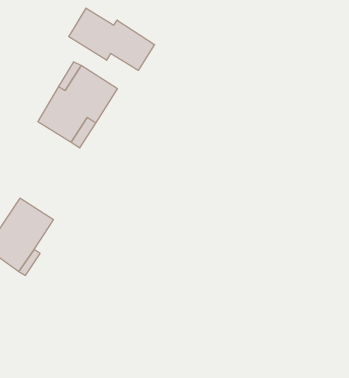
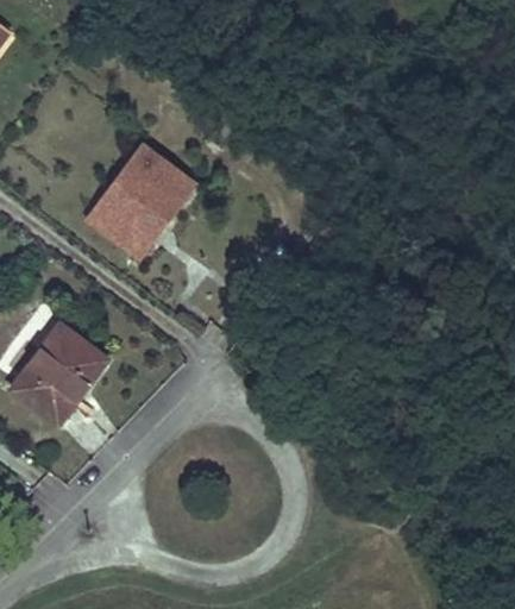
building: [69,8,155,70] -> none

